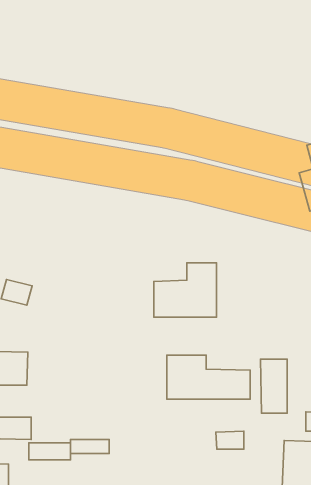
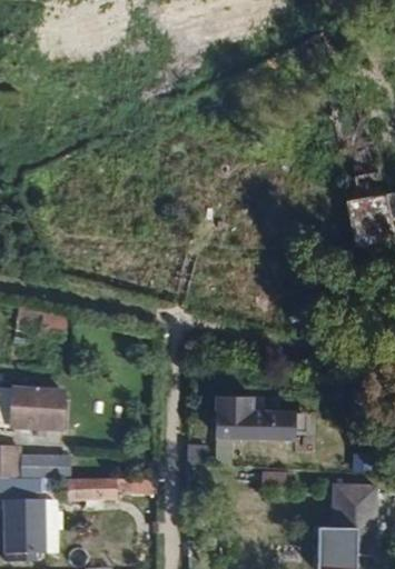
building: [154,263,217,317] -> none
building: [260,359,287,413] -> none

